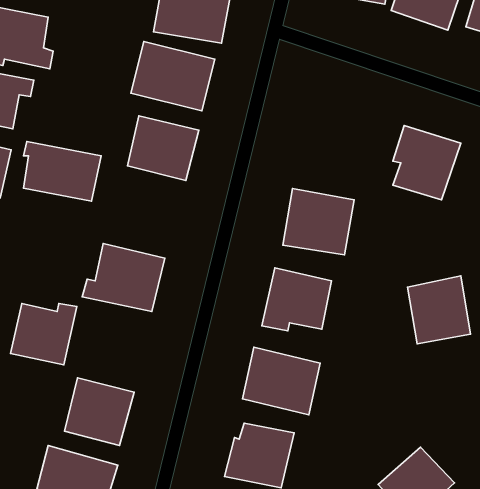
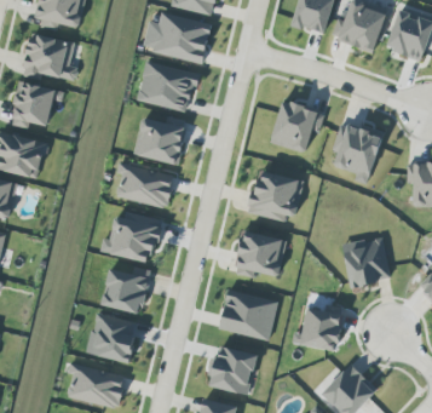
building: none -> [270,101,324,153]
building: [24,141,101,201] -> [116,162,174,207]
building: [10,303,77,365] -> [100,268,150,314]
building: none -> [292,306,342,352]

